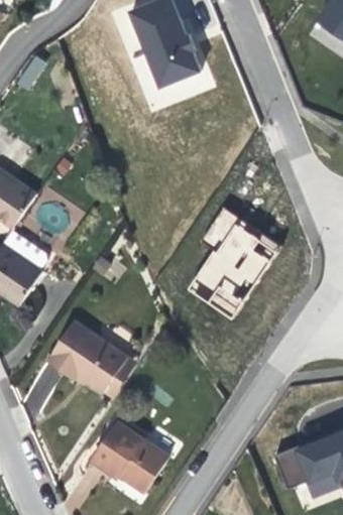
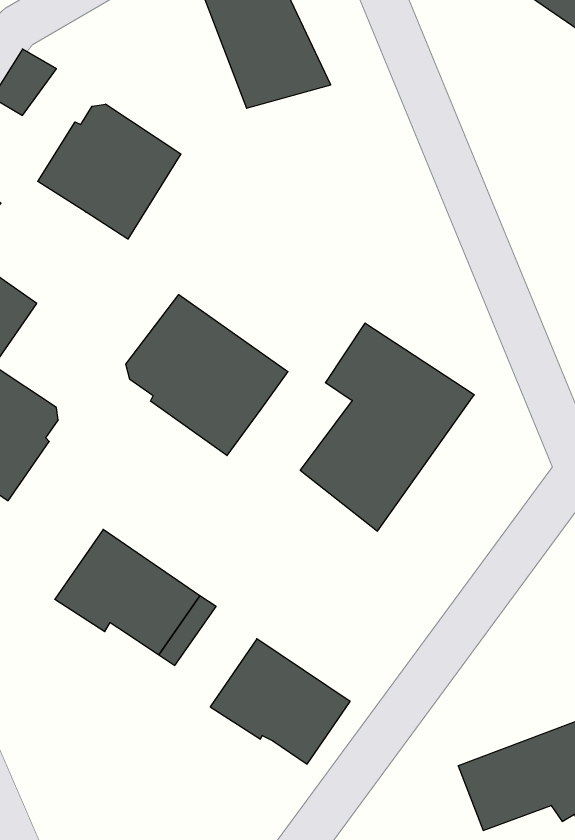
building: none -> [38,104,181,239]
building: none -> [126,295,288,456]
building: [91,421,169,492] -> [210,639,350,764]

